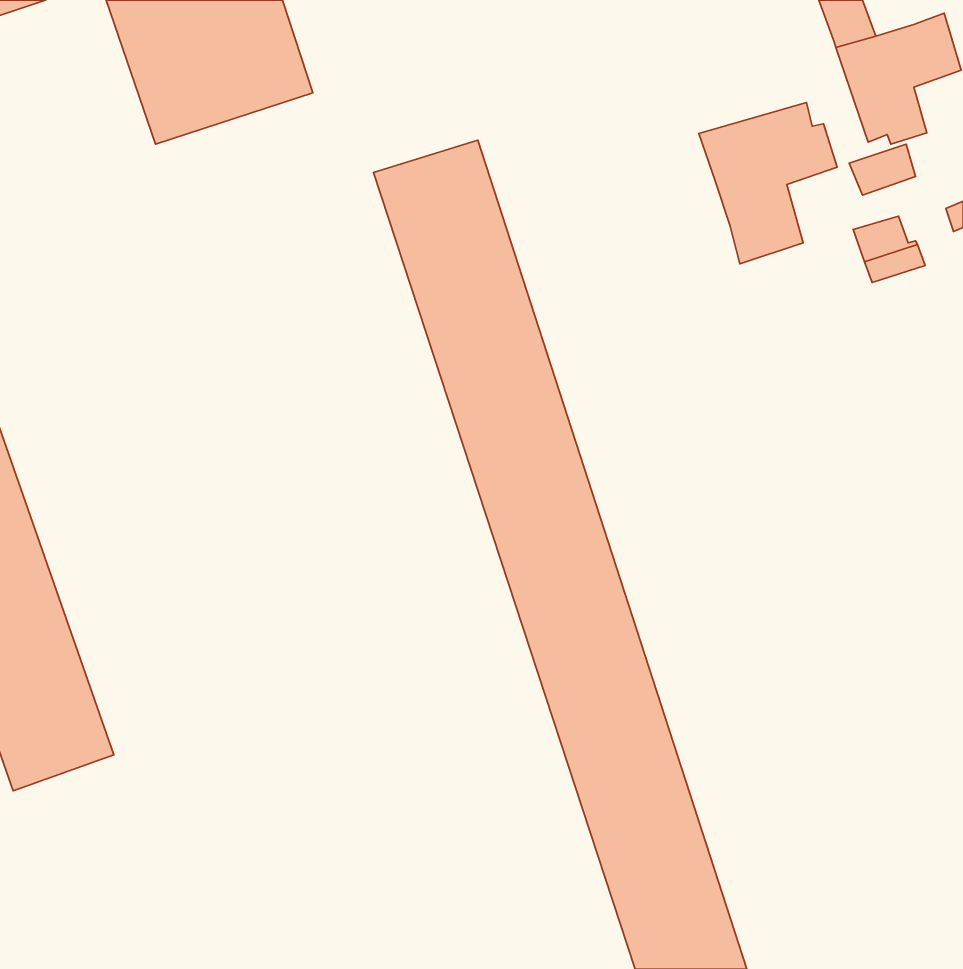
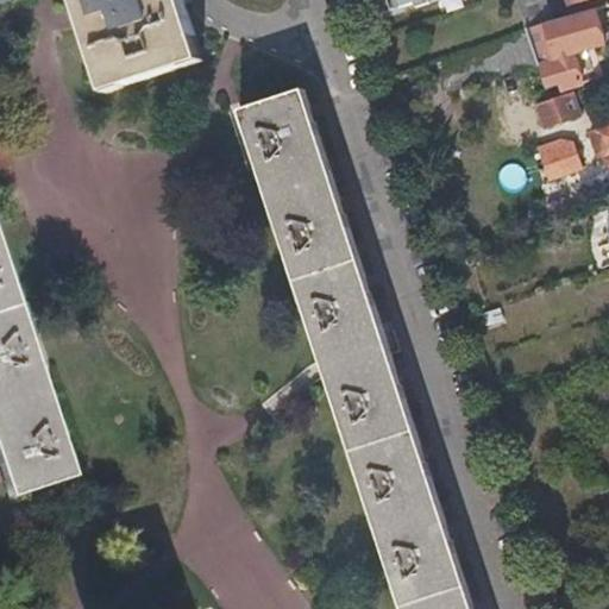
building: [699,102,837,264] -> none

